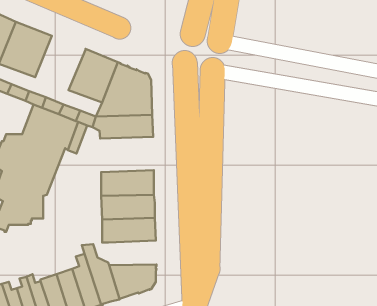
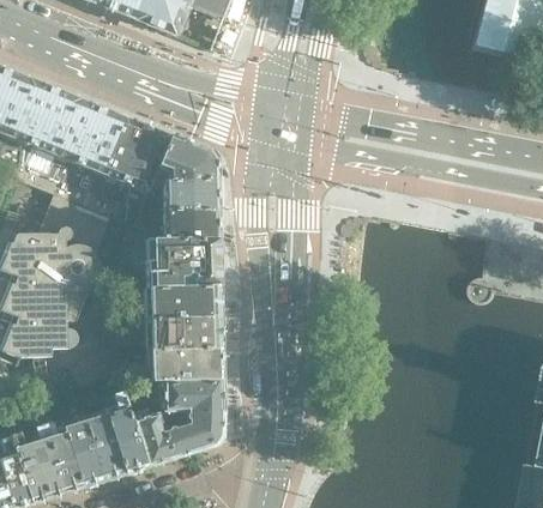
building: none -> [56,98,125,173]
building: none -> [145,236,218,284]
building: none -> [156,377,222,411]

